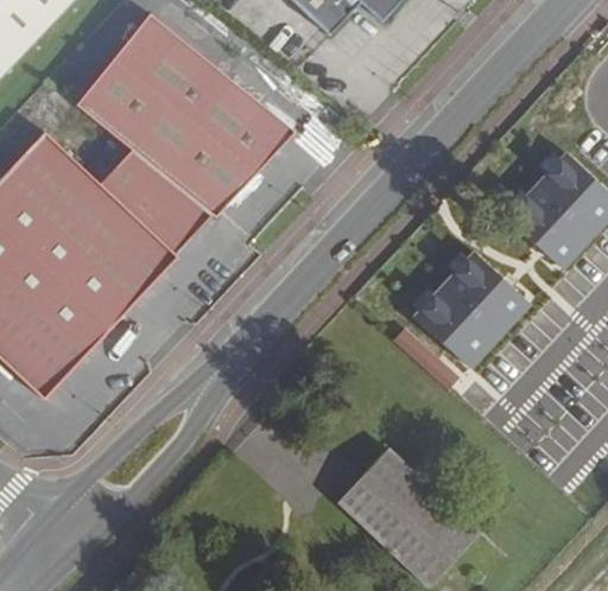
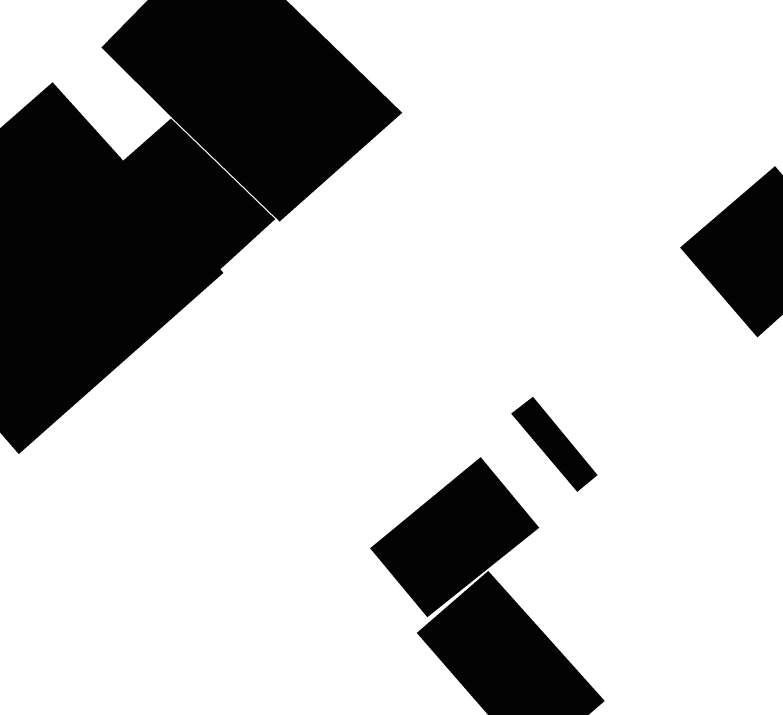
building: [406,239,533,366] -> none
building: none -> [369,456,541,618]

